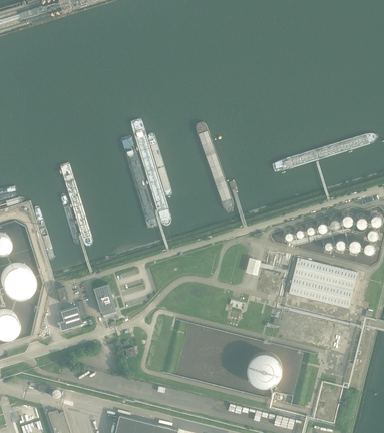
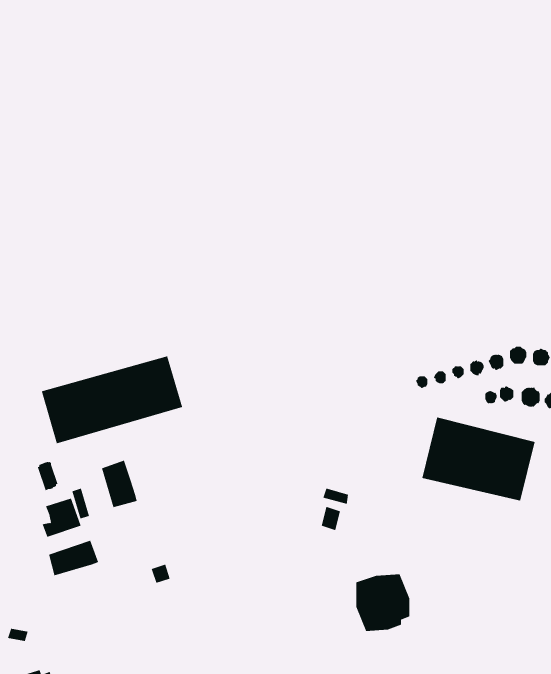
building: none -> [41,355,183,444]
building: none -> [48,540,99,576]

